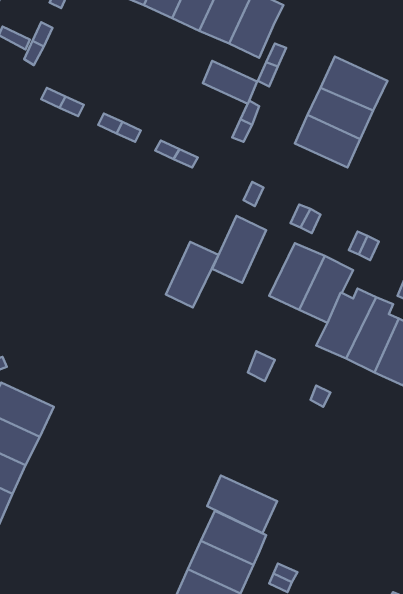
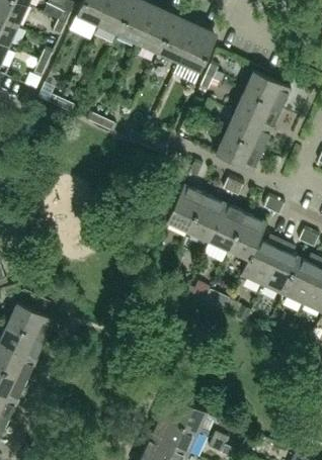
building: [203,61,257,104] -> none
building: none -> [215,133,262,172]
building: [166,242,219,307] -> [187,195,225,242]
building: [207,475,277,533] -> none

